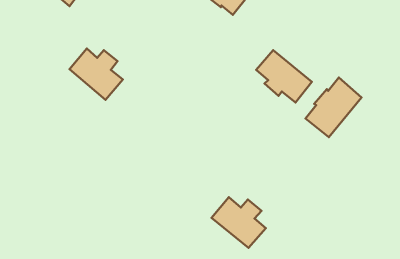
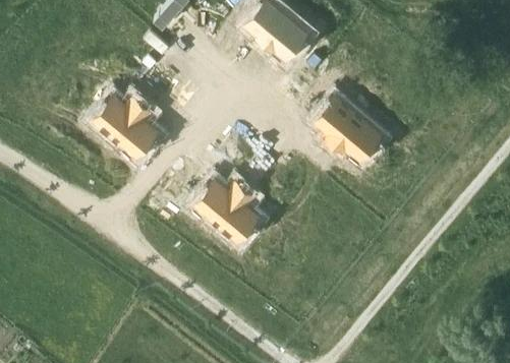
building: [305,78,362,137] -> none
building: [212,197,266,248] -> [197,179,262,239]

